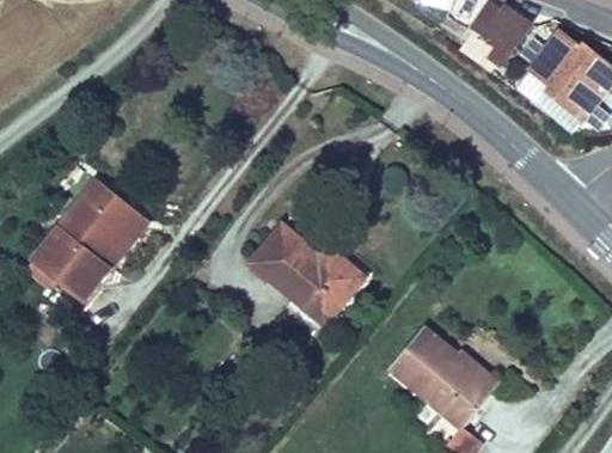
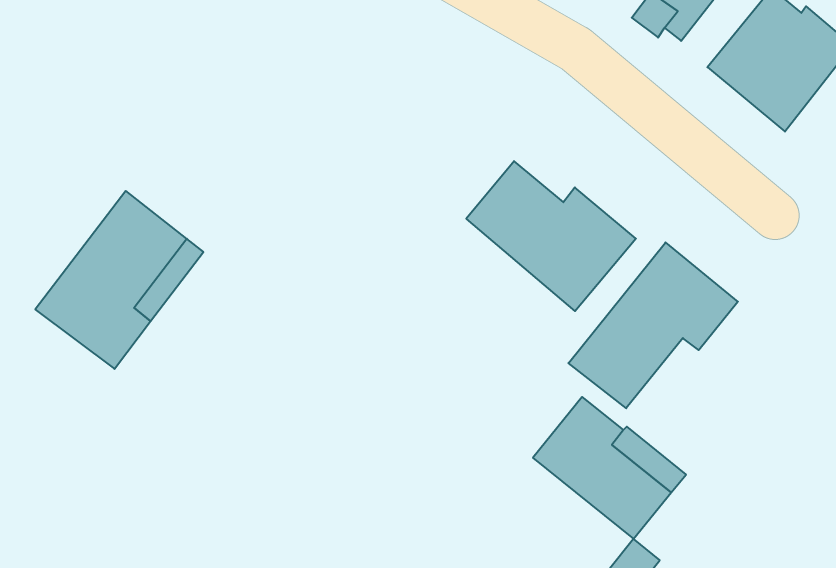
building: none -> [568,242,738,408]
building: [247,220,371,329] -> [466,161,636,311]

